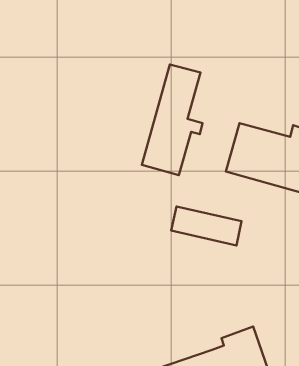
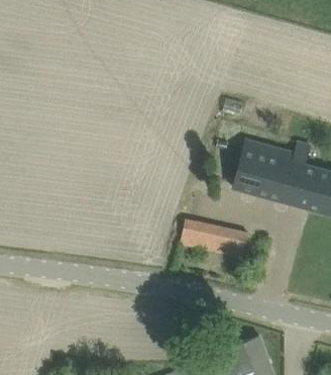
building: [142,64,202,175] -> none

